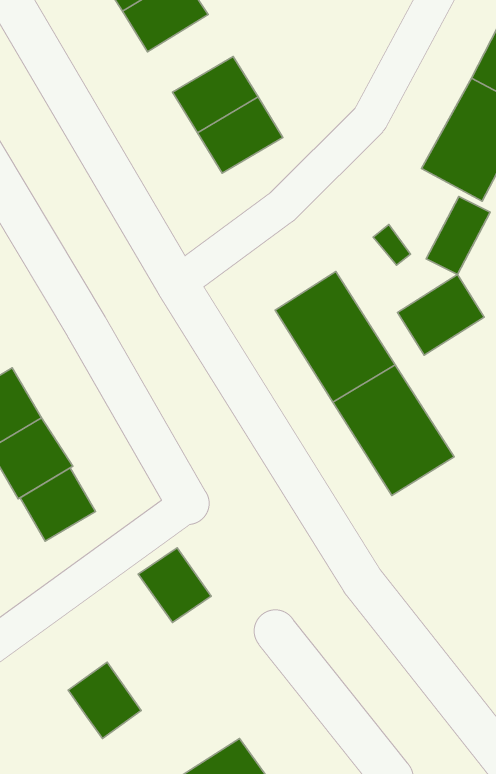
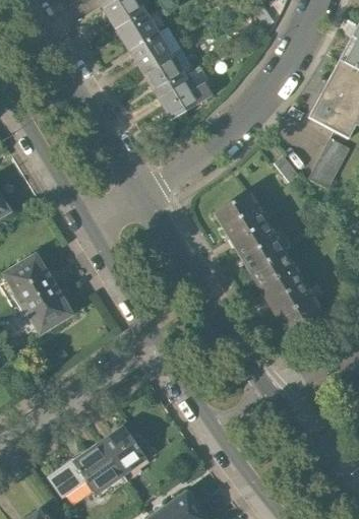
building: none -> [125,20,181,71]
building: [398,274,484,355] -> none
building: [20,468,95,541] -> none
building: [138,548,211,622] -> [99,426,146,474]
building: none -> [46,457,85,494]

